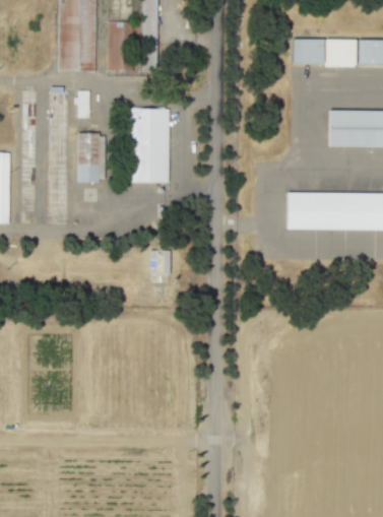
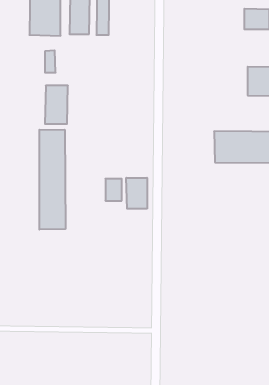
building: [292,39,323,64] -> none
building: [129,108,172,185] -> none
building: none -> [39,130,65,230]
building: none -> [126,178,147,209]

